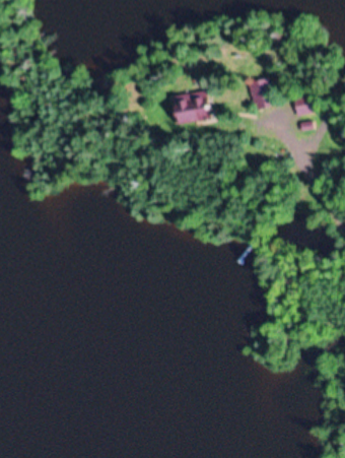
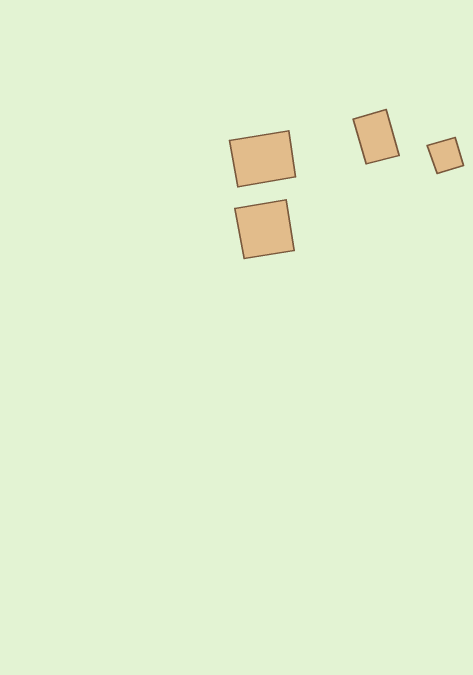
building: none -> [235,200,294,259]

